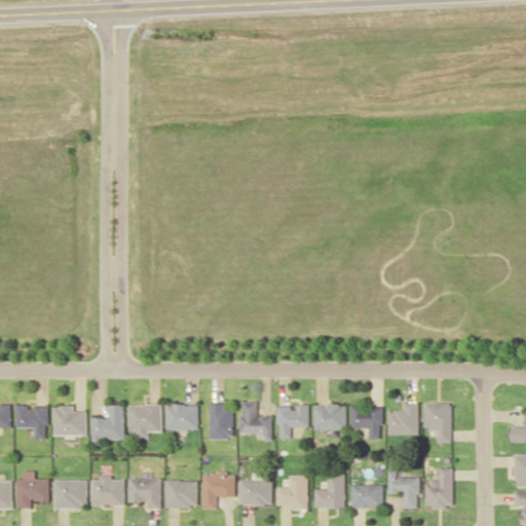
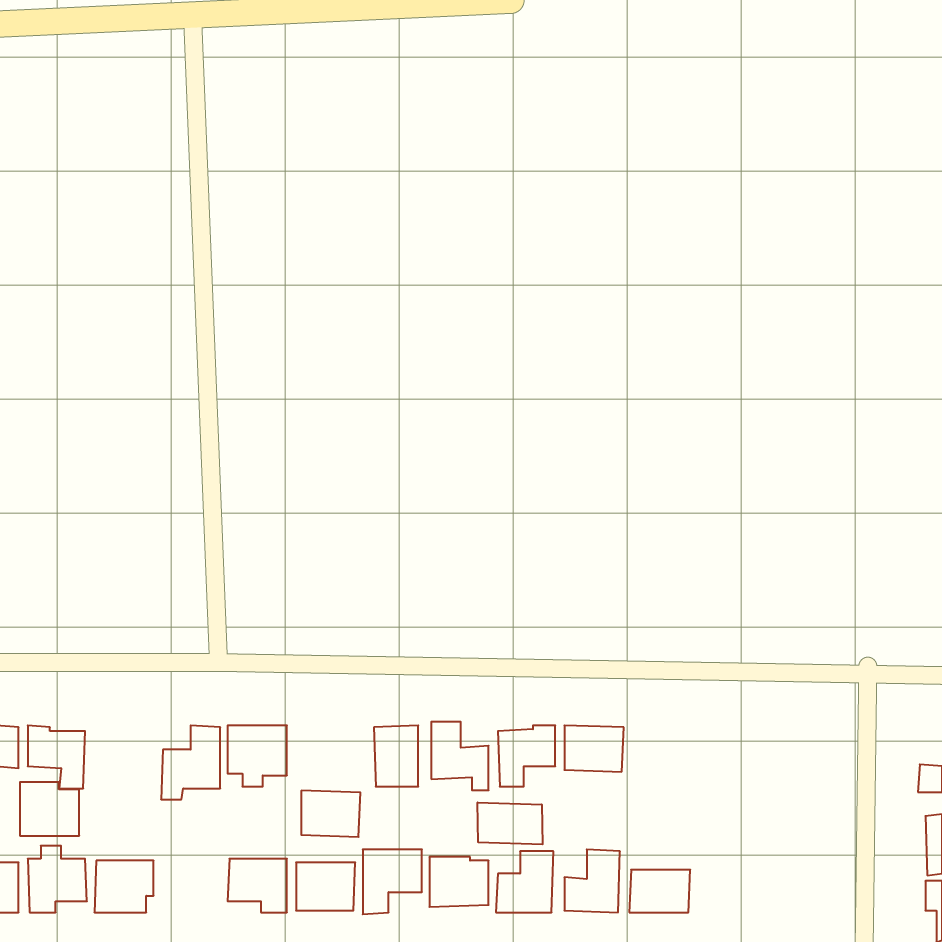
building: [423,403,452,444] -> none
building: [387,404,419,436] -> none
building: [164,405,197,430] -> [301,791,360,837]
building: [350,405,382,440] -> none
building: [52,407,85,437] -> [20,782,79,836]
building: none -> [478,802,543,844]
building: [424,468,453,508] -> none
building: [387,471,418,509] -> none
building: [89,479,122,505] -> none

